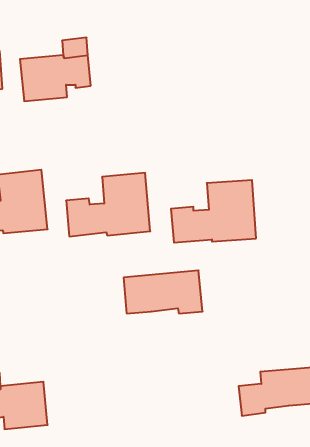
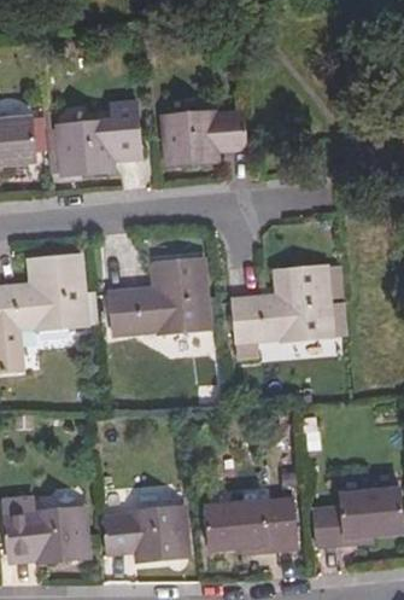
building: none -> [162,110,245,165]
building: [124,270,203,313] -> [205,497,298,548]
building: none -> [104,505,188,561]

